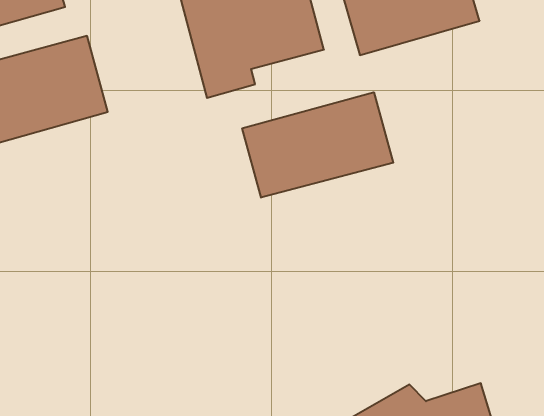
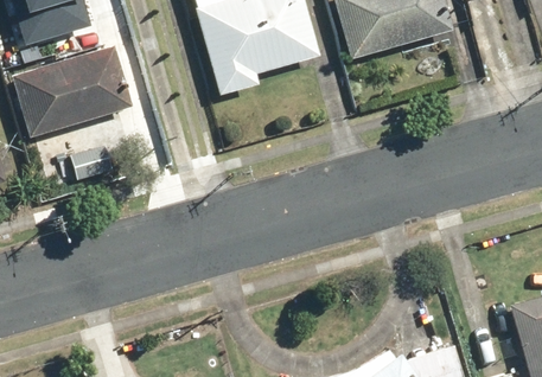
building: [242,92,393,198] -> none

